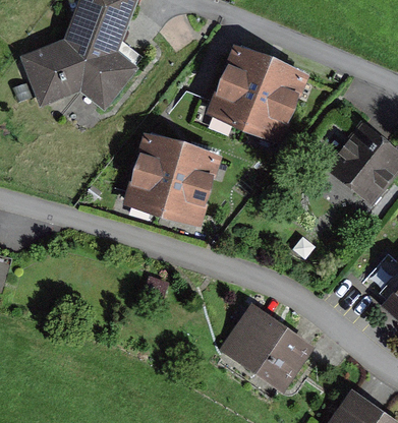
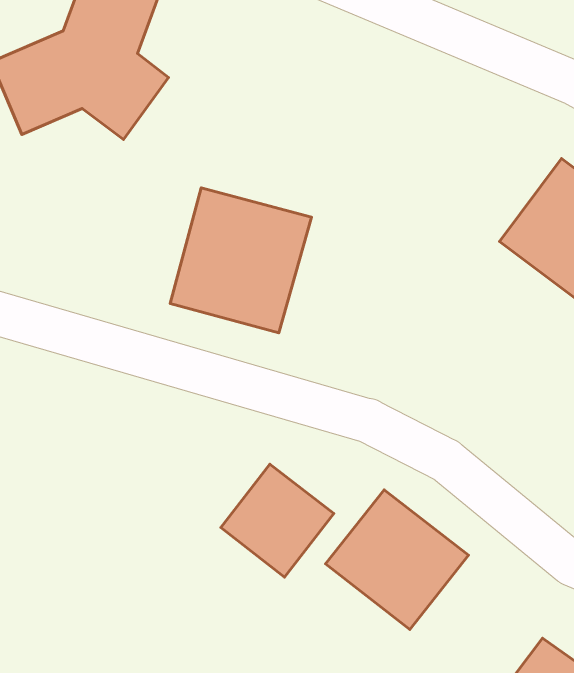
building: [209,43,303,136] -> none
building: none -> [221,464,334,577]

